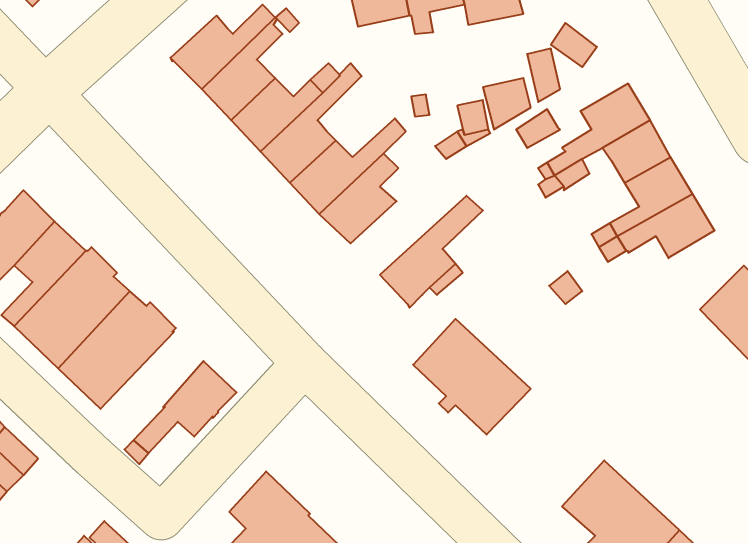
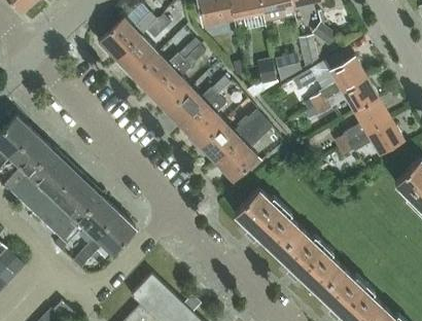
building: none -> [199,110,263,164]
building: none -> [59,195,116,245]
building: none -> [275,227,341,293]

